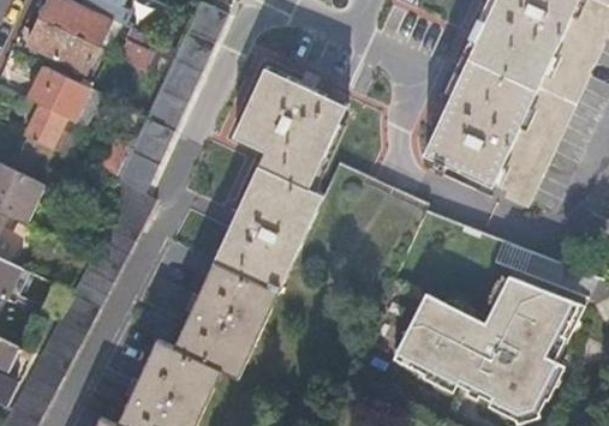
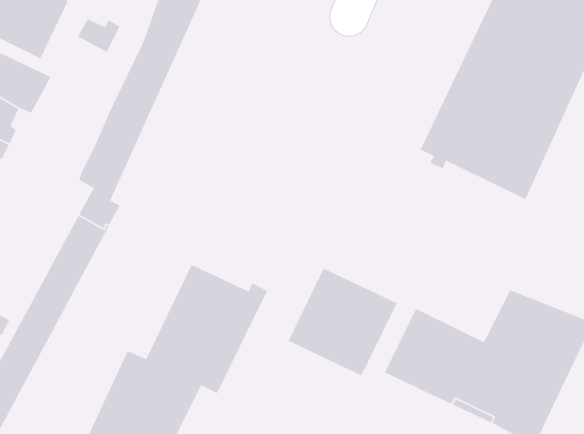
building: [217,67,347,280] -> none
building: none -> [287,267,398,376]

